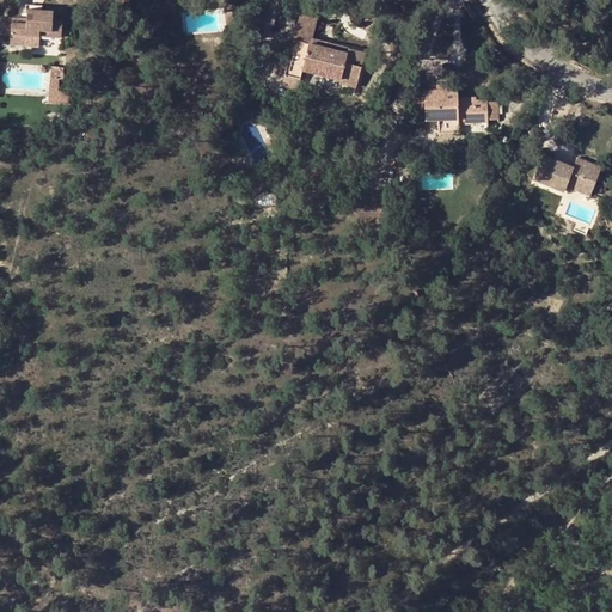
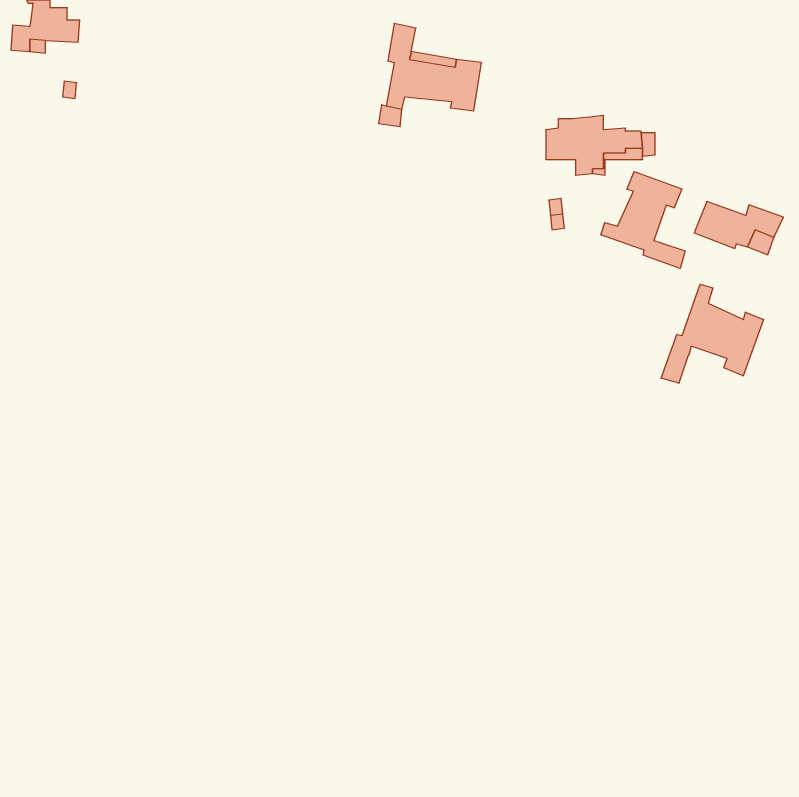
building: none -> [601,172,685,268]
building: none -> [661,284,764,383]

